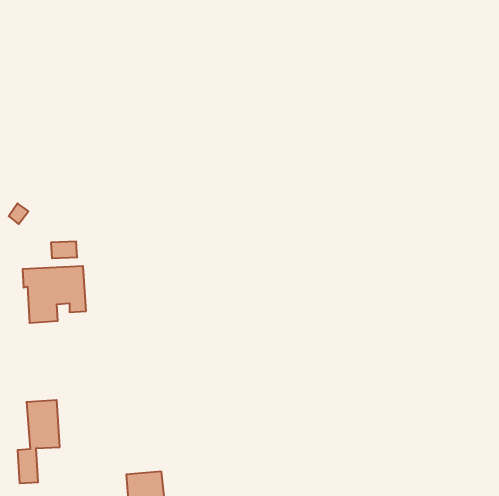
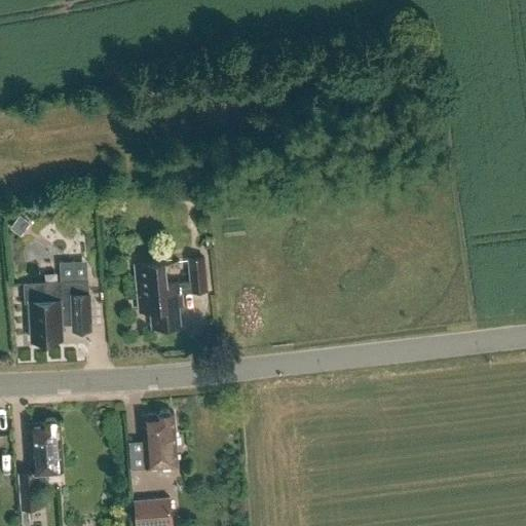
building: none -> [135,259,208,332]
building: none -> [143,416,177,467]

